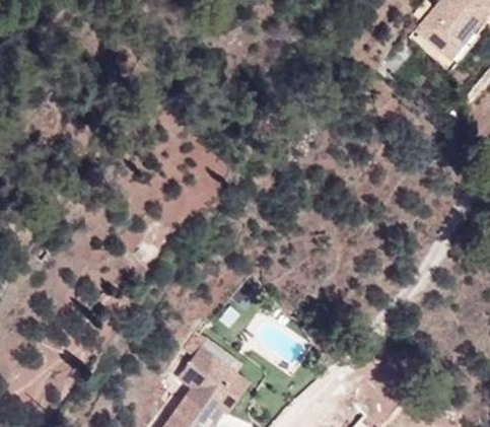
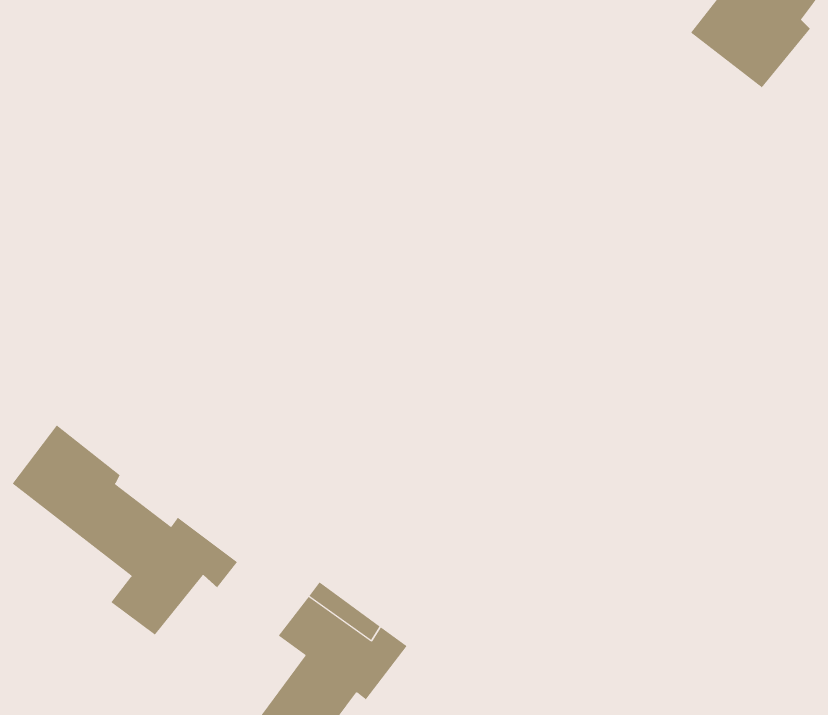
building: none -> [12,425,238,636]

